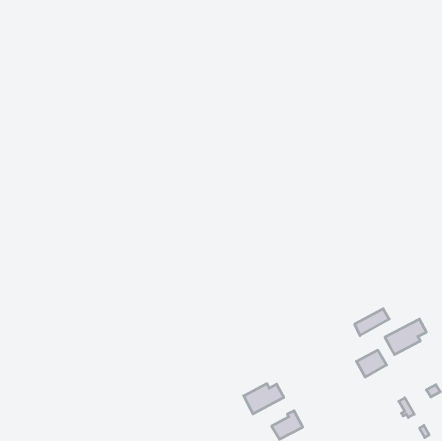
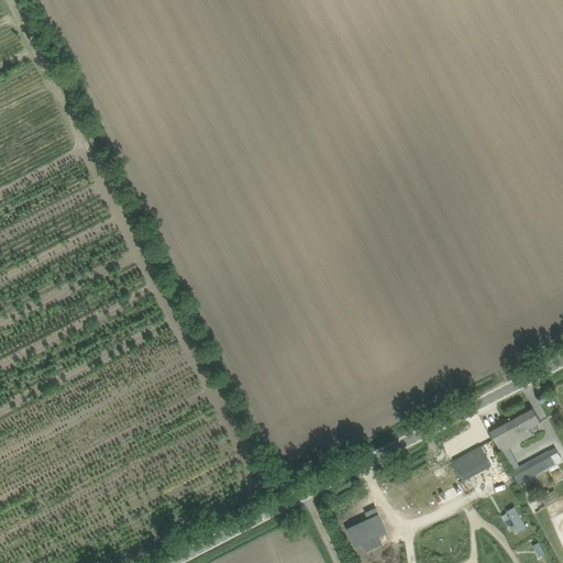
building: [355,309,389,336] -> [512,450,556,484]
building: [244,384,284,414] -> none

